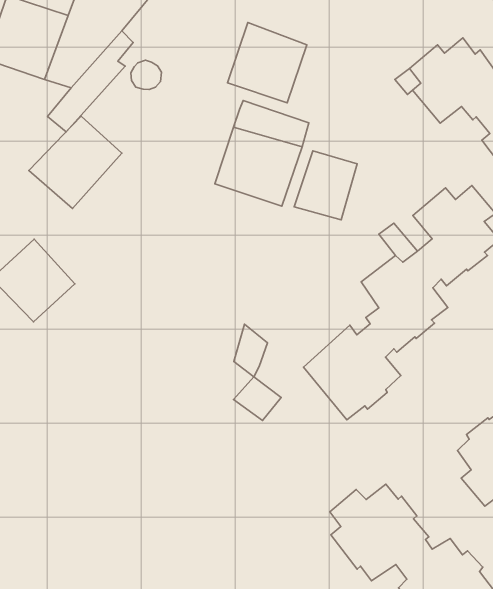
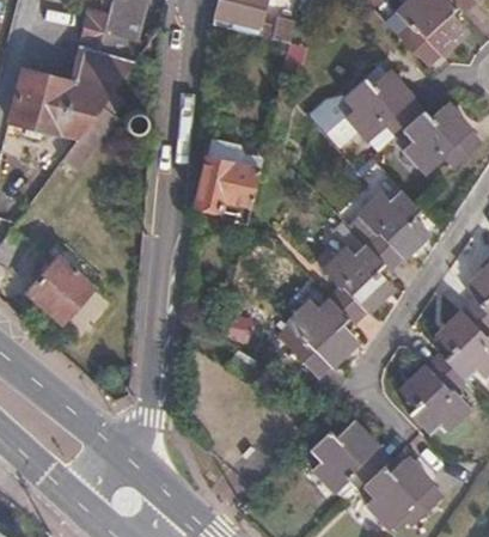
building: [228,23,307,103] -> none
building: [29,116,122,209] -> none
building: [294,151,357,220] -> none

